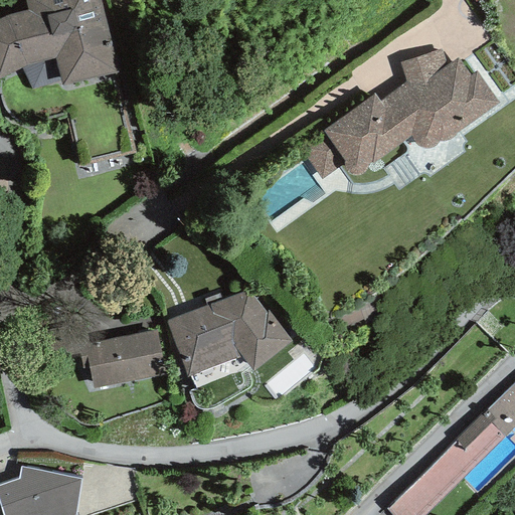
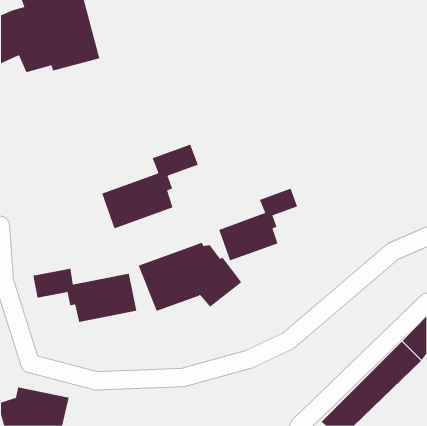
building: [302,48,500,178] -> none
building: none -> [101,144,198,229]
building: none -> [218,188,298,261]

